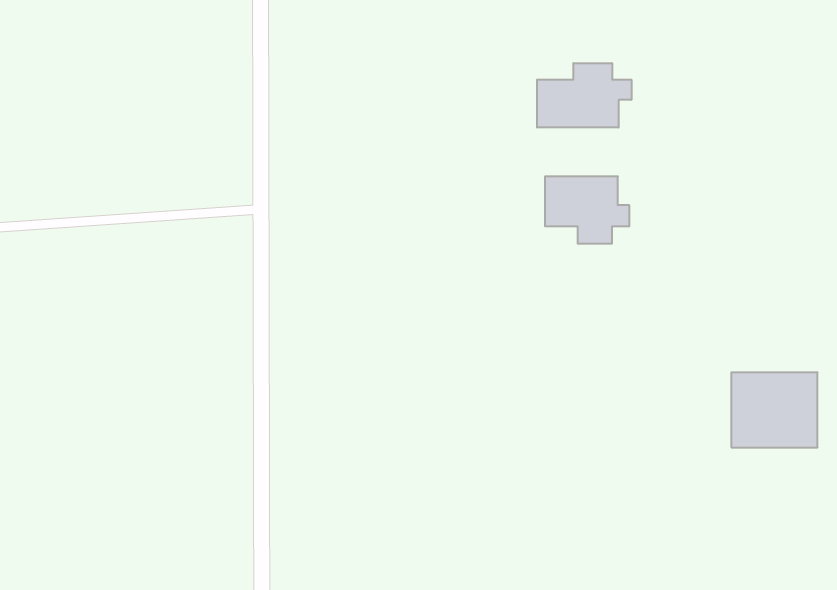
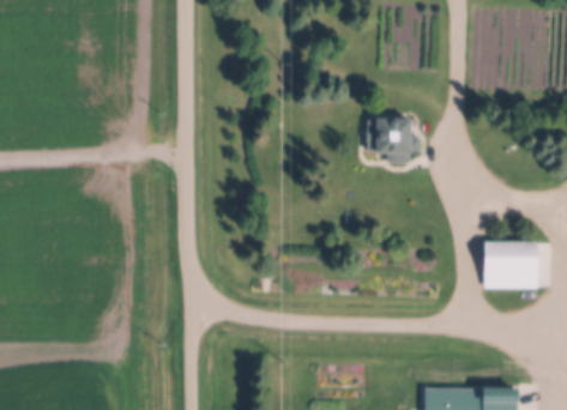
building: [537,63,631,128] -> none

